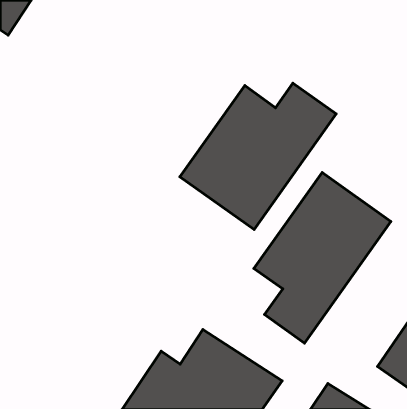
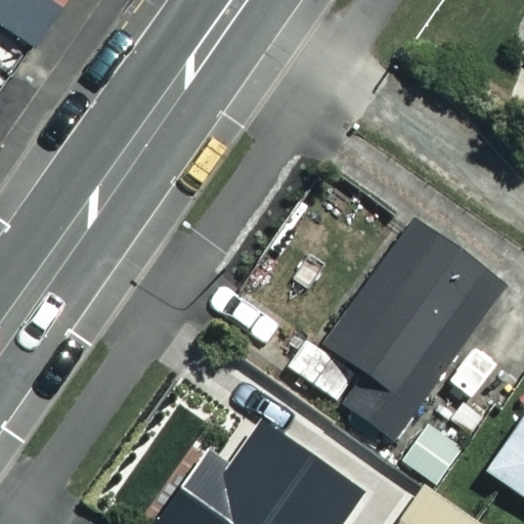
building: [180,83,336,230] -> none

